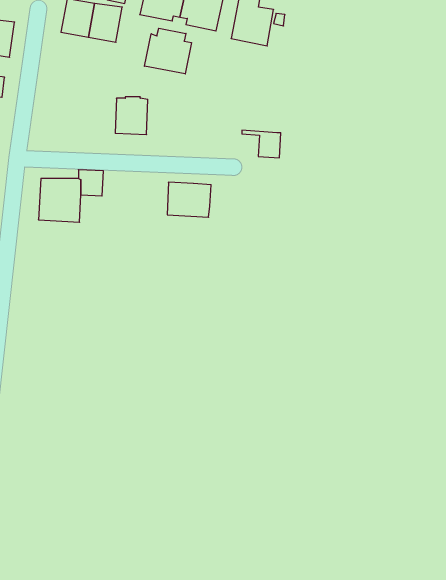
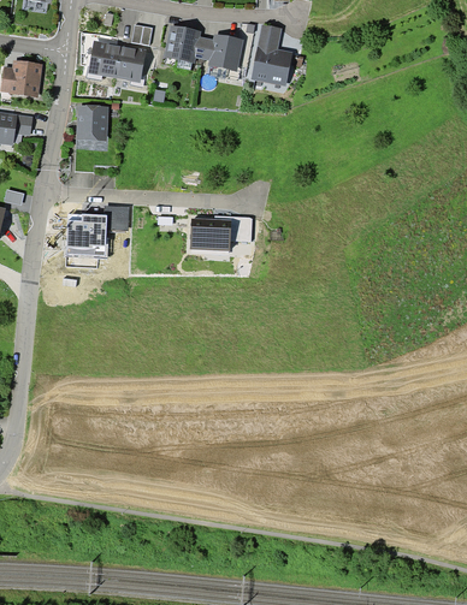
building: [144,28,191,74] -> none
building: [115,97,148,135] -> [76,105,107,141]
building: [242,130,281,158] -> [214,215,252,242]

